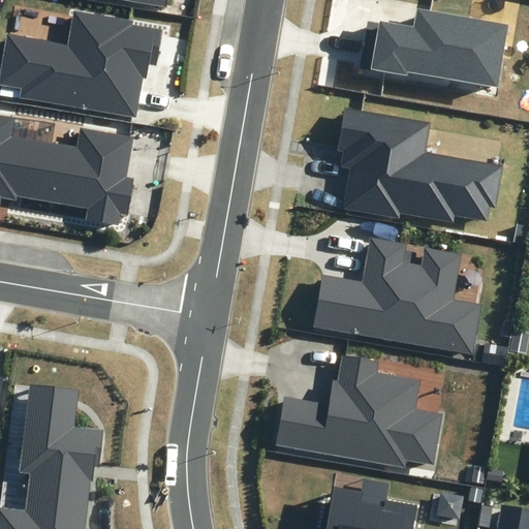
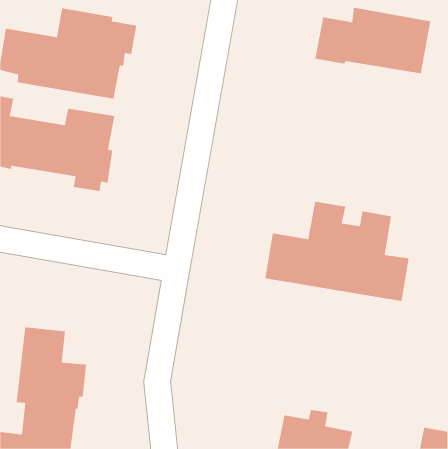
building: [338,110,501,222] -> none
building: [273,355,441,468] -> none

